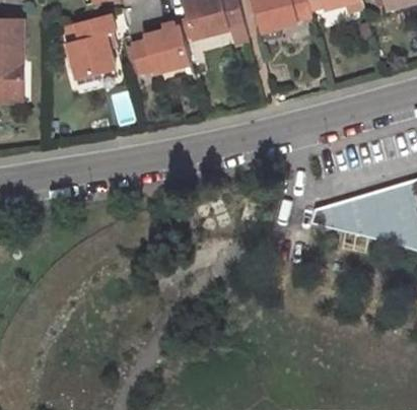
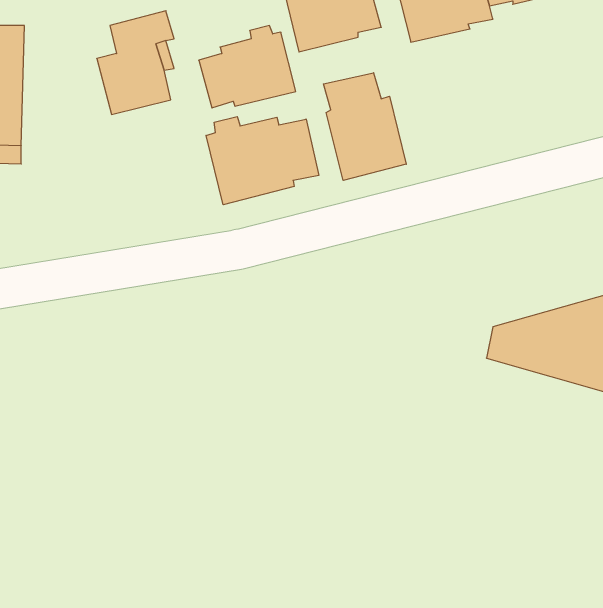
building: none -> [323,73,406,180]
building: none -> [206,117,319,205]

